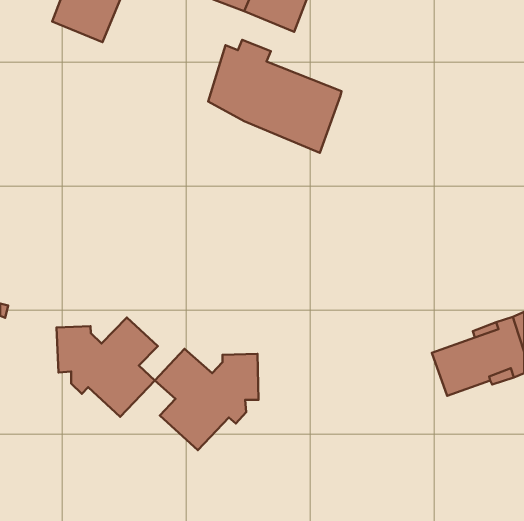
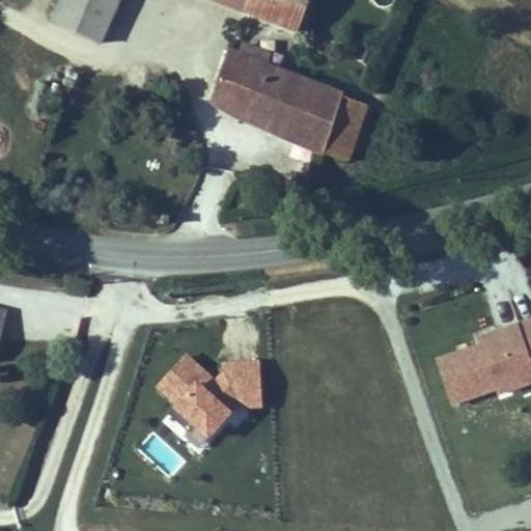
building: none -> [324,96,370,164]
building: [57,318,158,417] -> none

